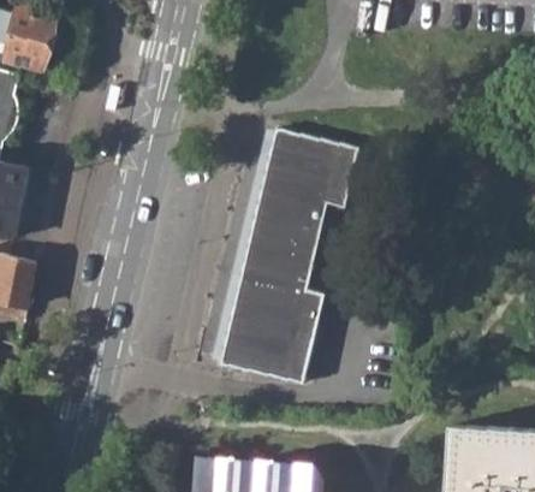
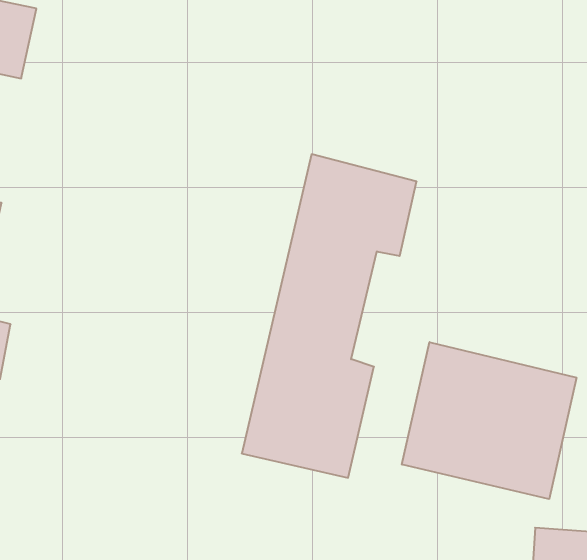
building: none -> [402,342,576,499]

